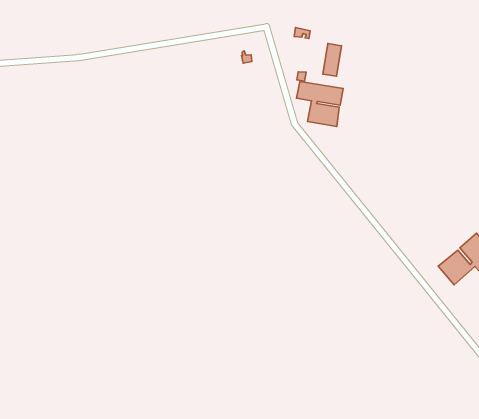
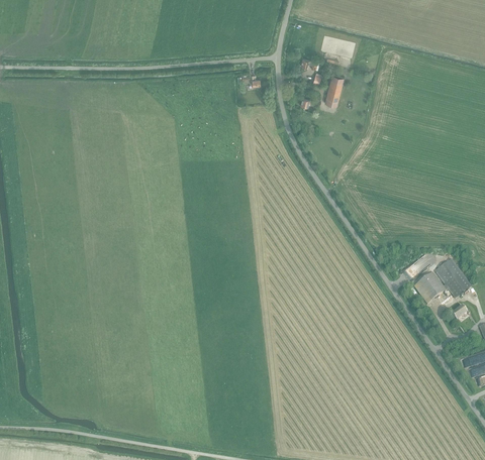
building: [297,82,343,126] -> none

